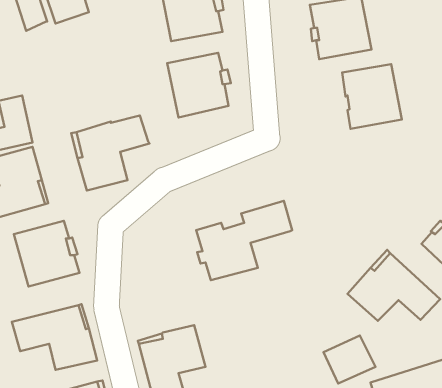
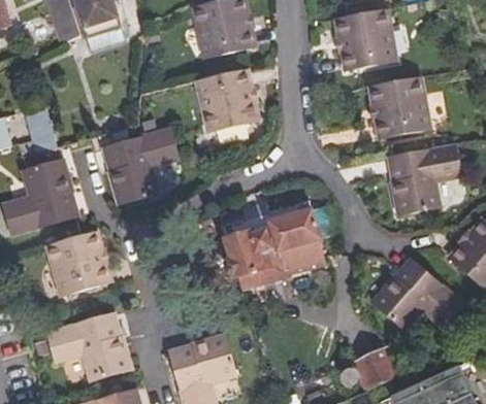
building: none -> [388,143,461,213]
building: none -> [279,242,325,278]

